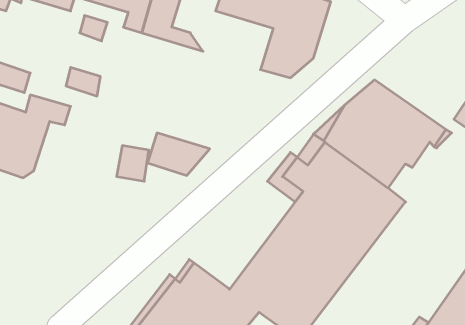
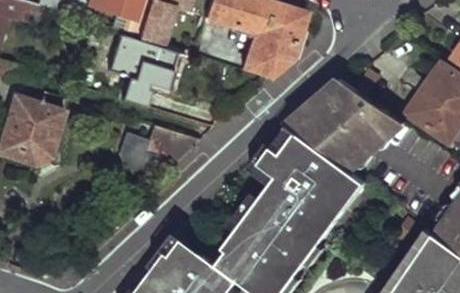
building: none -> [111,37,180,95]

